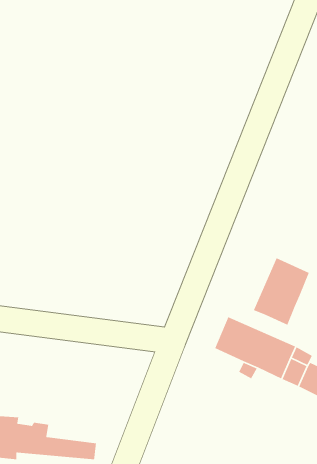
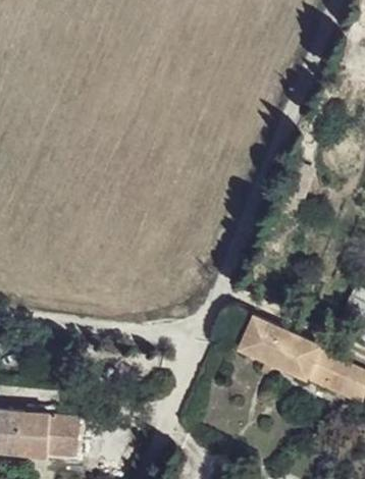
building: [253,257,310,326] -> none

